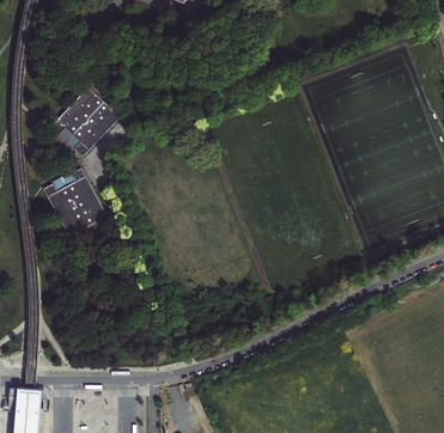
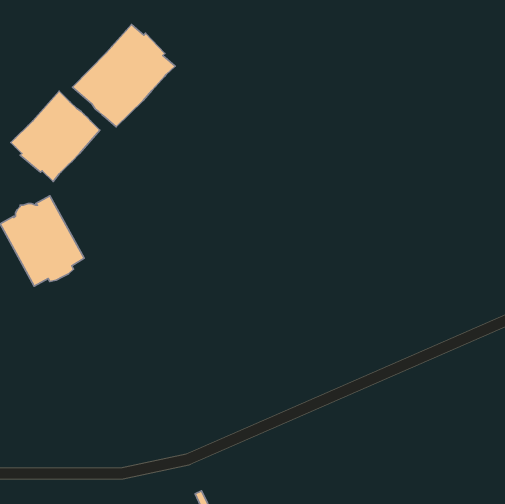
building: none -> [73,24,175,127]

